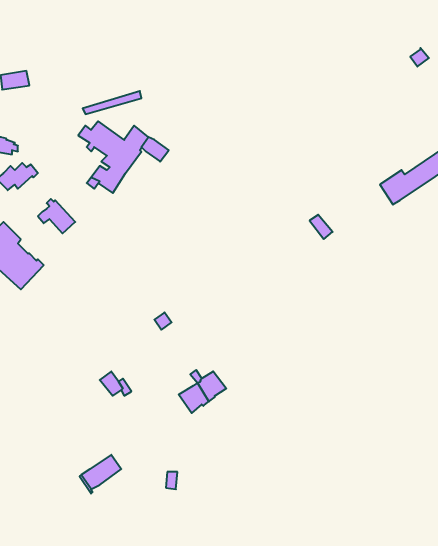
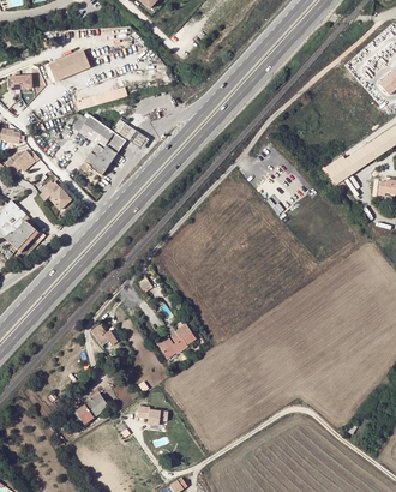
building: none -> [47,49,89,79]

